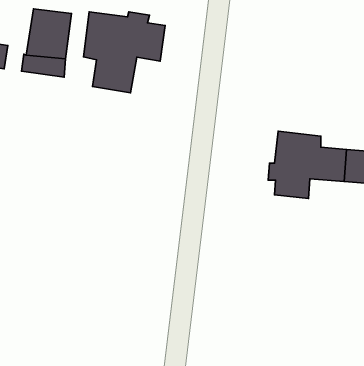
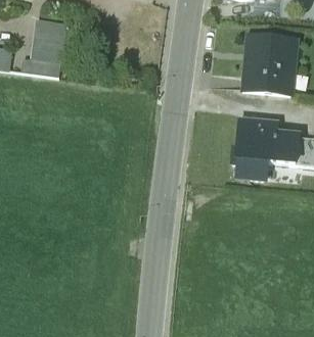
building: [83,12,165,93] -> none
building: none -> [242,36,297,94]

